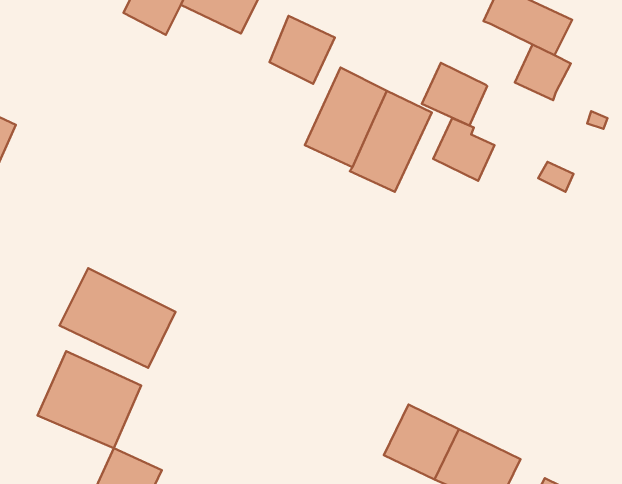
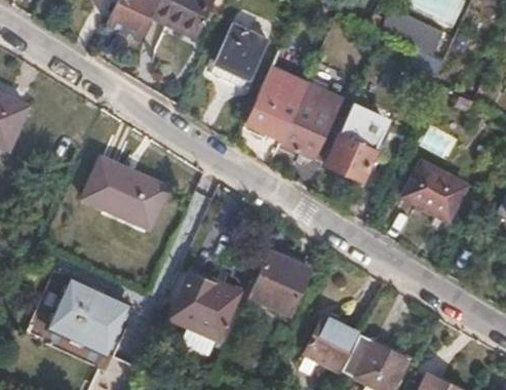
building: [422,63,487,126] -> [327,133,377,181]
building: none -> [404,162,466,219]
building: [60,268,176,368] -> [80,155,167,230]
building: none -> [254,254,310,314]
building: none -> [176,274,232,337]

